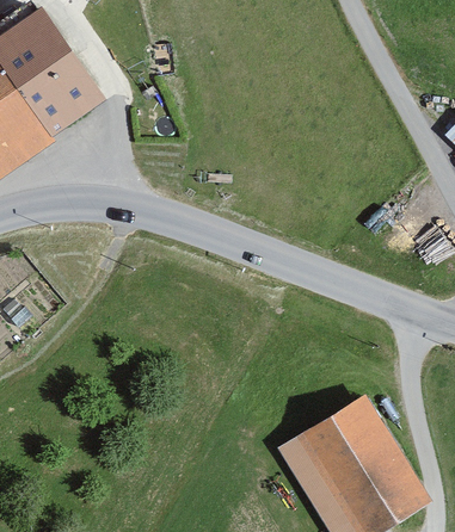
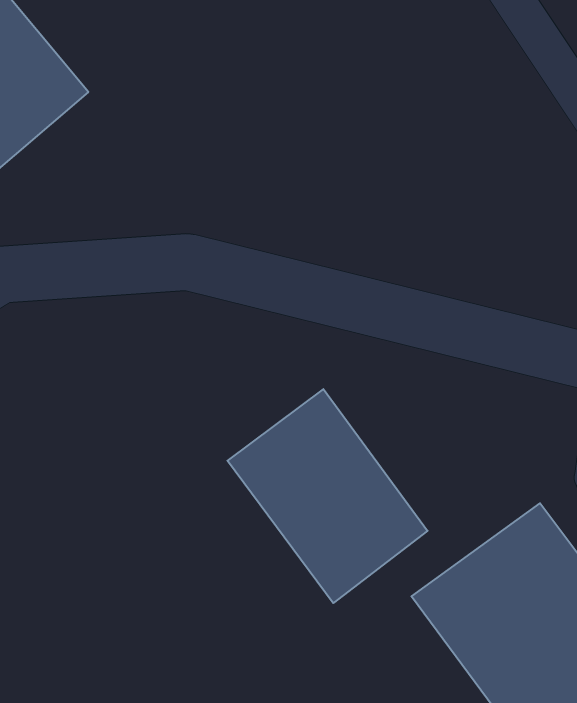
building: none -> [227,389,428,603]

